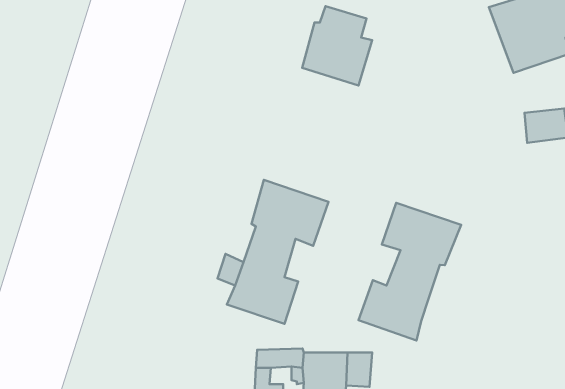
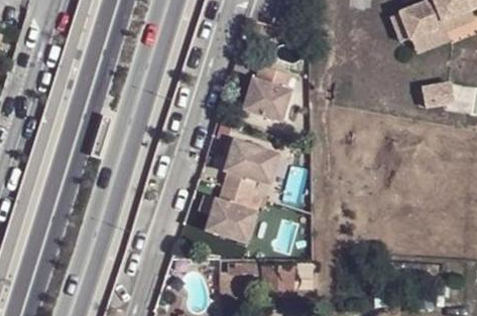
building: [302,6,372,86] -> [241,63,292,122]
building: [358,203,461,340] -> none

